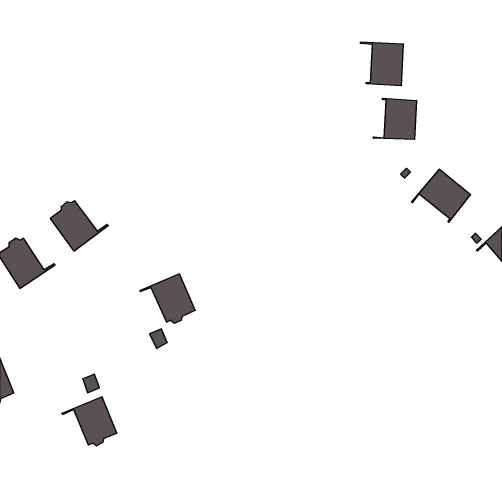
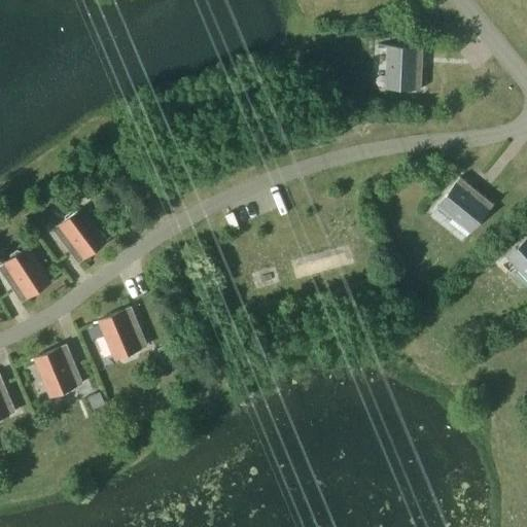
building: [373,98,416,139] -> none
building: [140,274,195,323] -> [89,308,146,359]
building: [62,397,117,446] -> [24,346,81,397]

